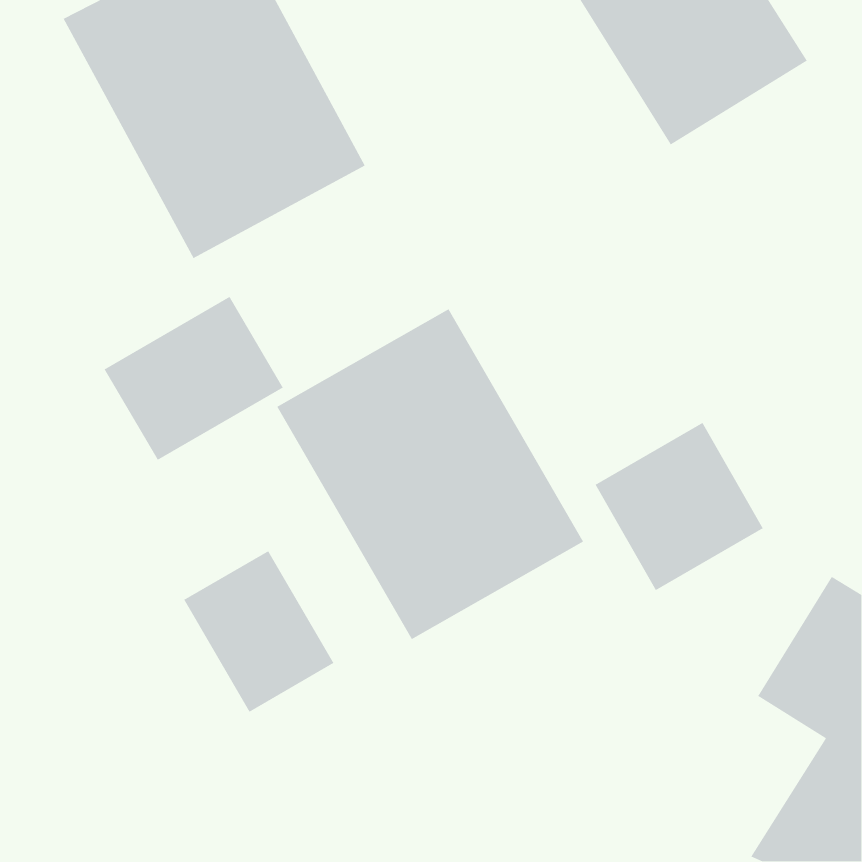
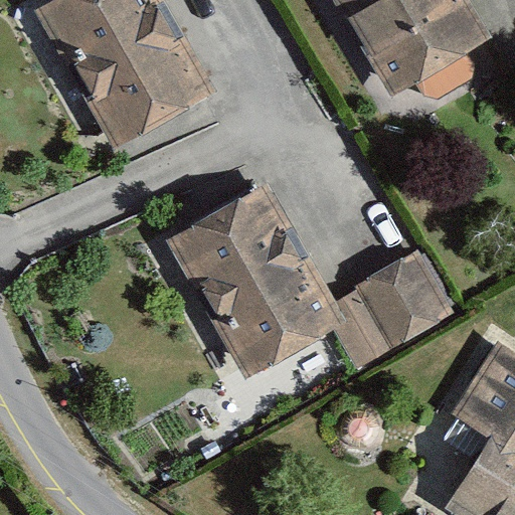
building: [104,296,284,461] -> none
building: [183,550,335,713] -> none

